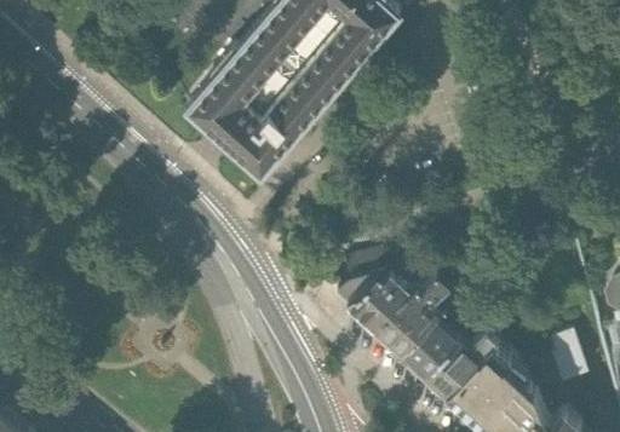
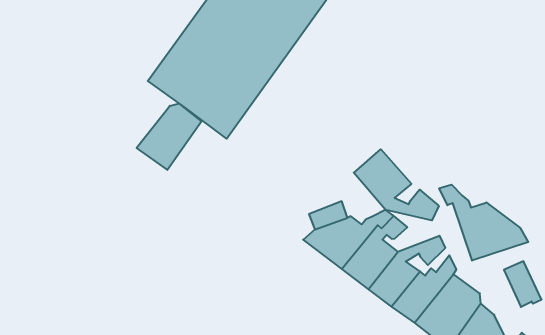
building: none -> [137,104,202,170]
building: none -> [354,149,439,220]
building: none -> [439,185,528,261]

